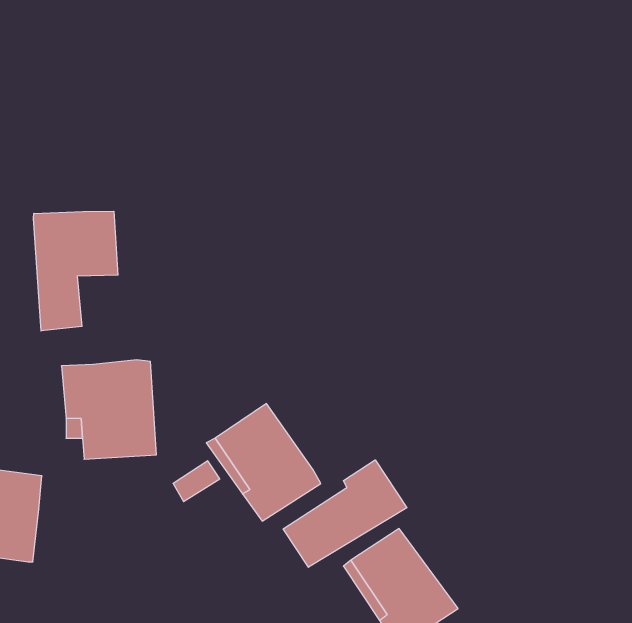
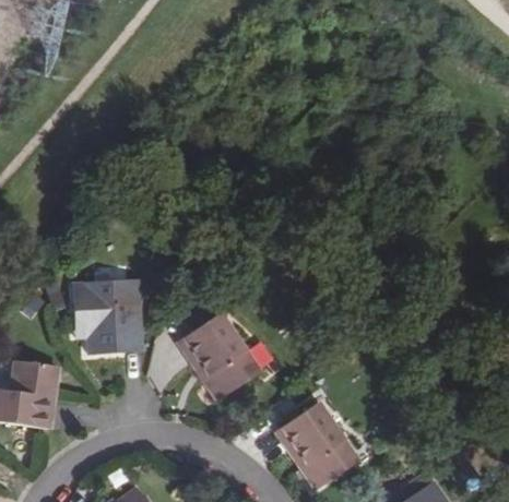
building: [34,211,118,331] -> none
building: [283,460,407,567] -> none

